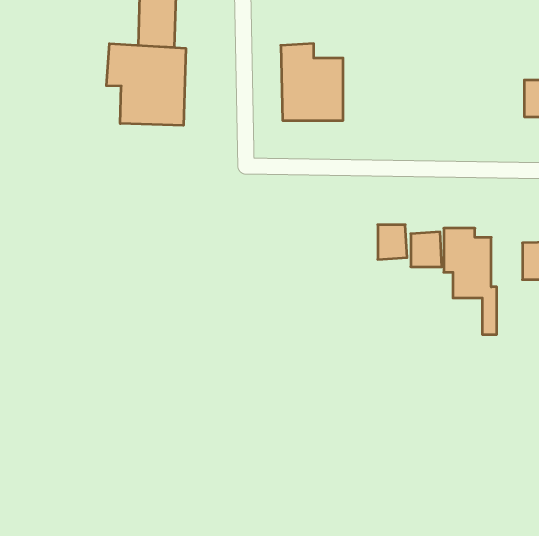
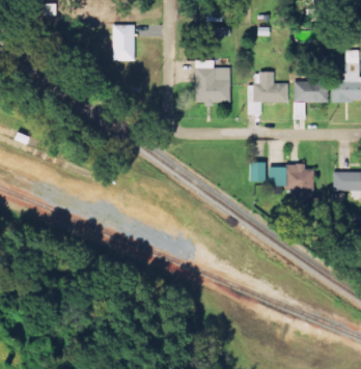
building: [106,44,186,125] -> none
building: none -> [248,72,289,114]
building: none -> [296,81,329,103]

